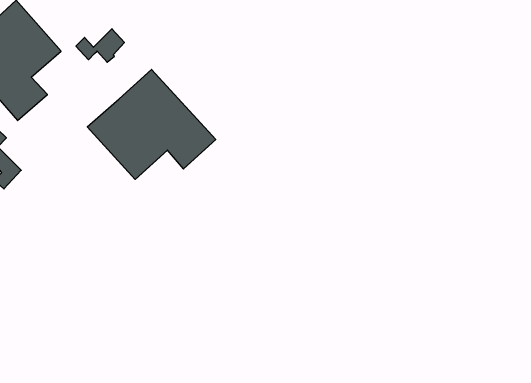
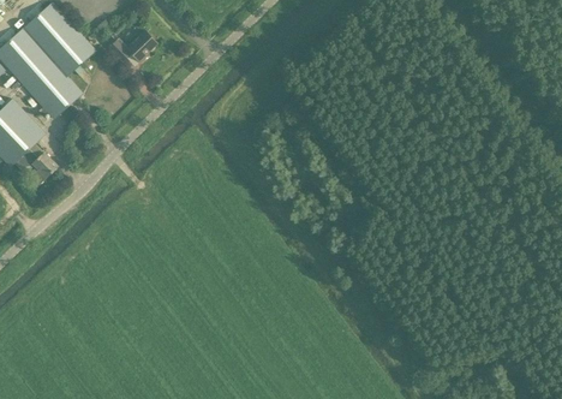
building: [87,69,216,179] -> none

